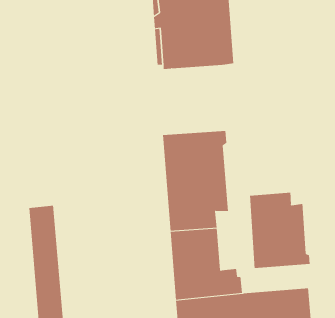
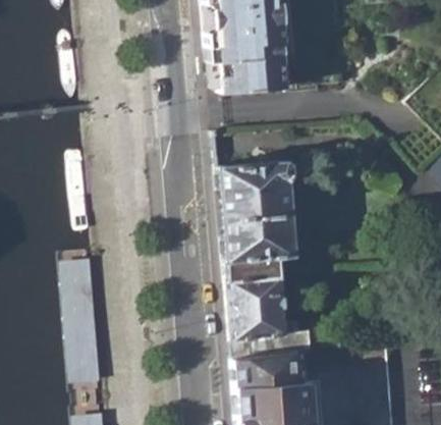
building: [249,192,310,269] -> none

